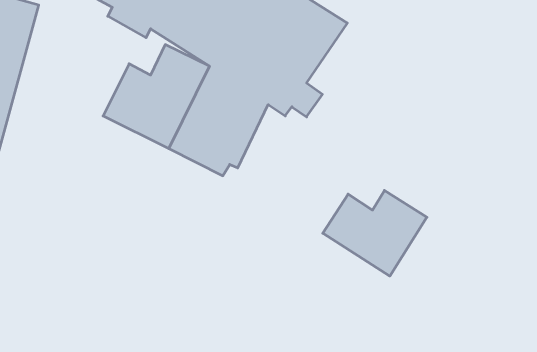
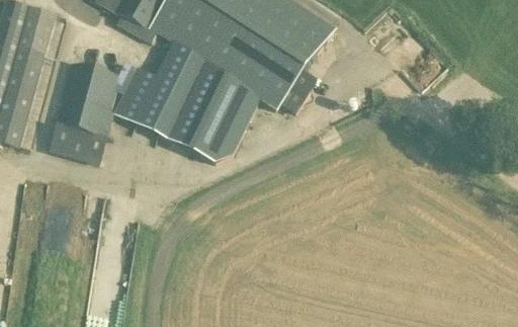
building: none -> [49,61,120,163]
building: [323,190,427,276] -> none

